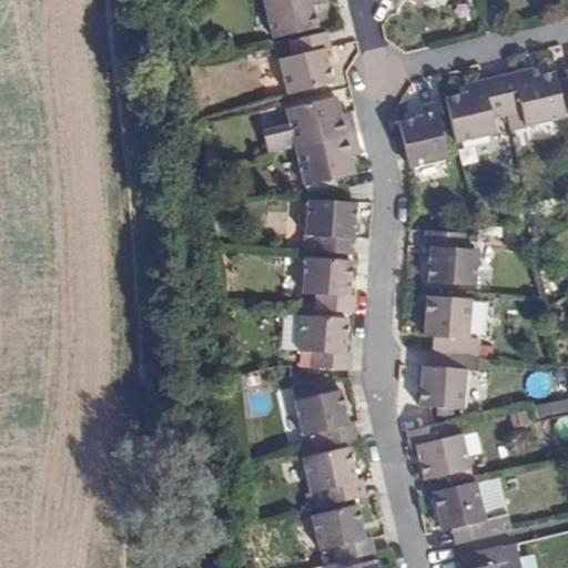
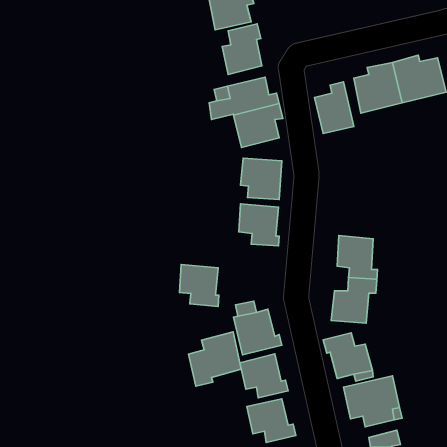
building: [425,230,477,286] -> none
building: [298,315,348,368] -> [179,264,219,307]
building: none -> [188,332,241,386]

